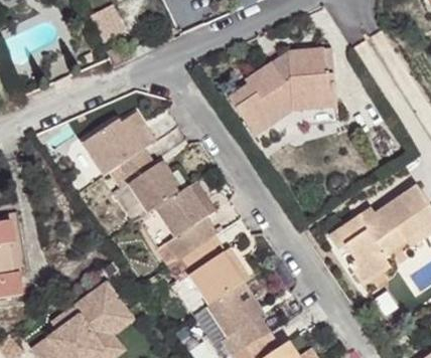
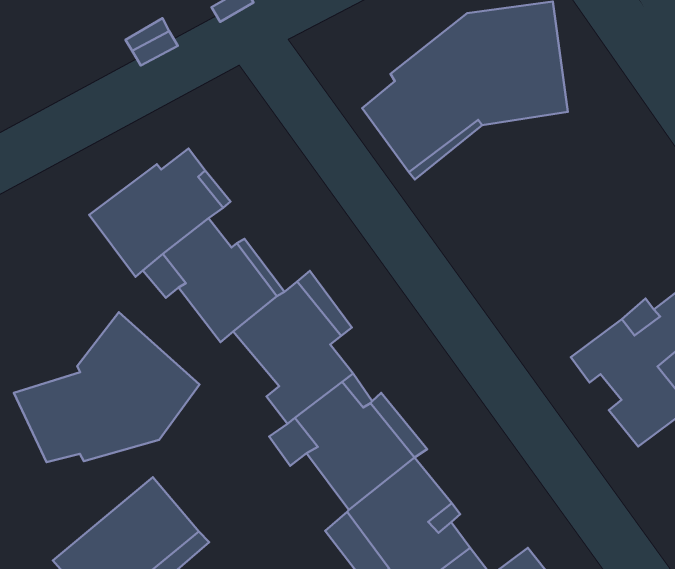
building: none -> [14,312,199,462]

